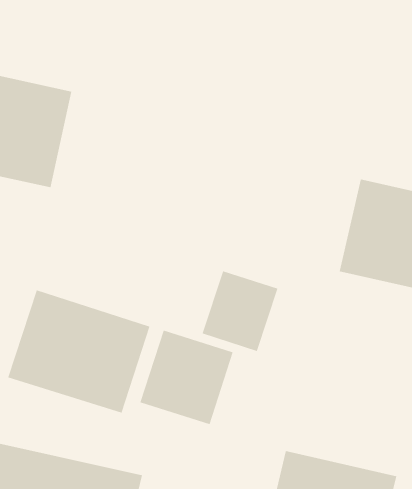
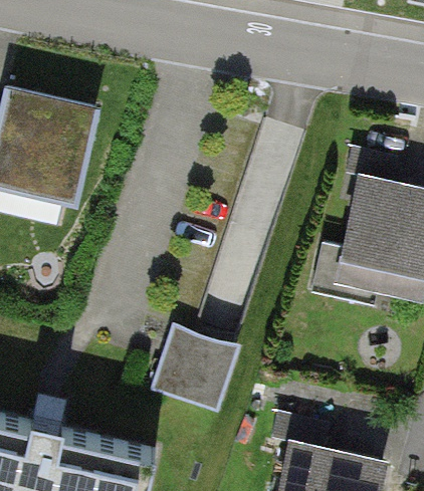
building: [202,270,278,352] -> none
building: [8,290,150,414] -> none

